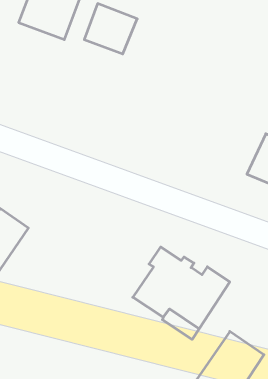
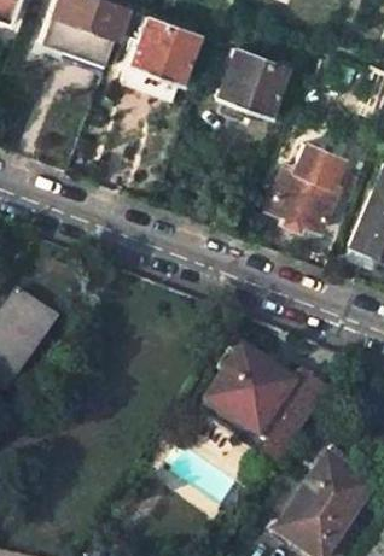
building: none -> [217,48,290,117]
building: none -> [257,144,345,233]

